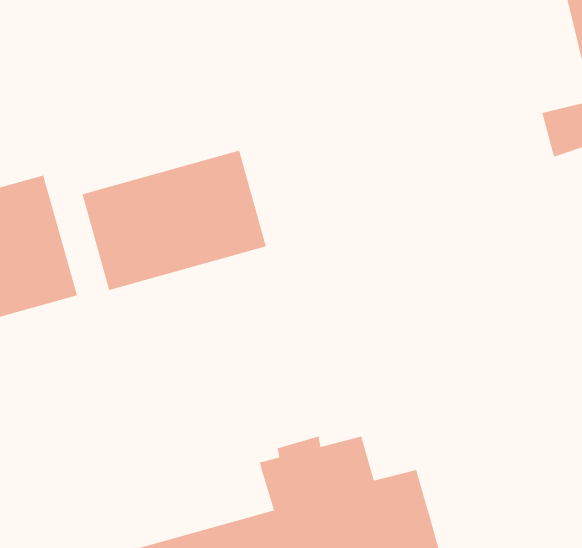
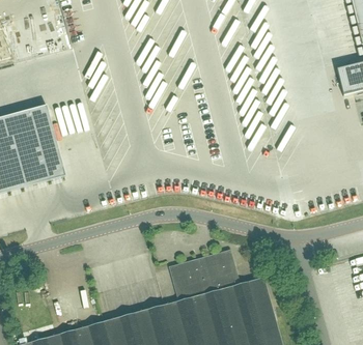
building: [82,150,267,291] -> none

